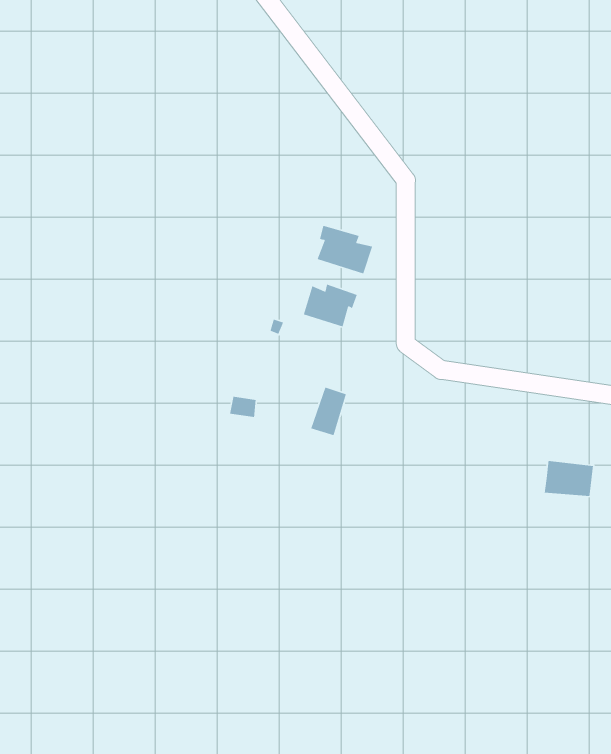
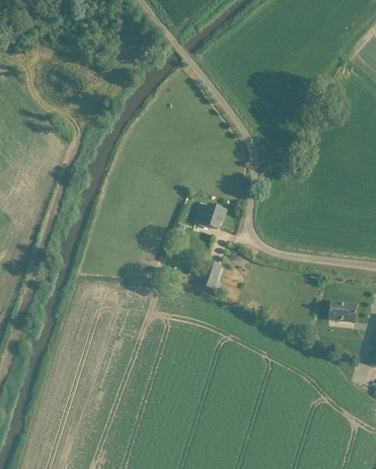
building: [317,225,373,274] -> none

